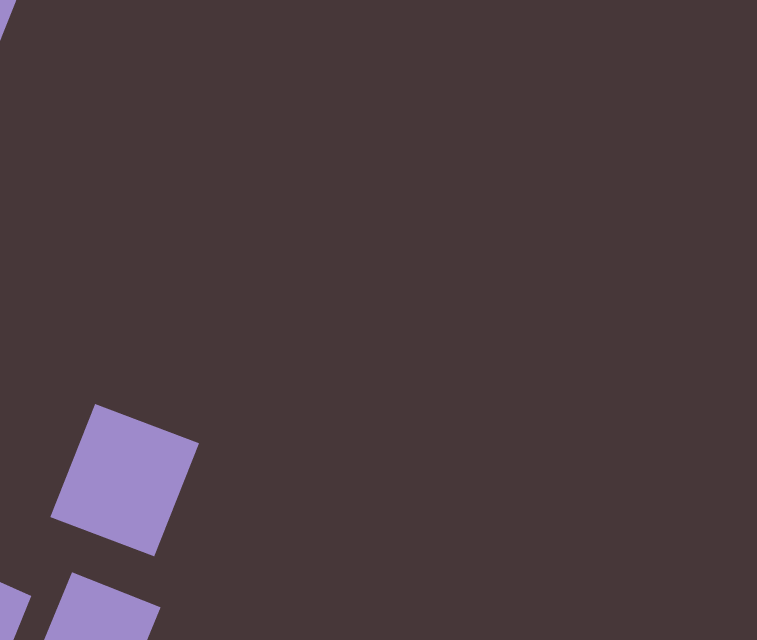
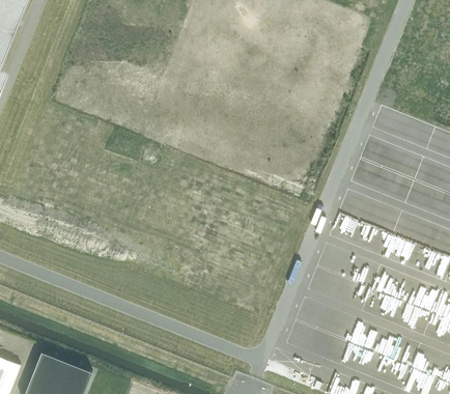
building: [49,403,200,557] -> none

